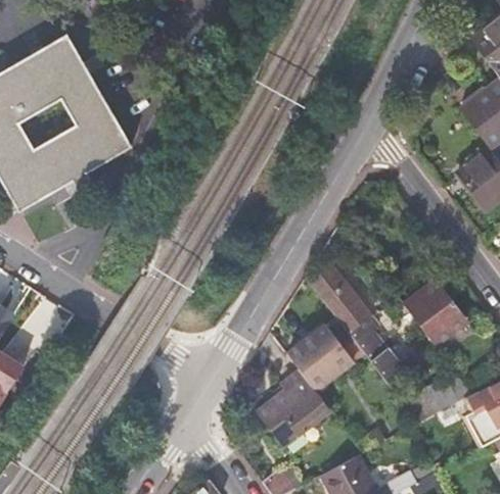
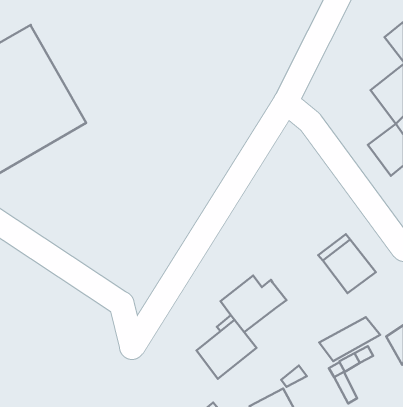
building: [309,262,406,386] -> none

